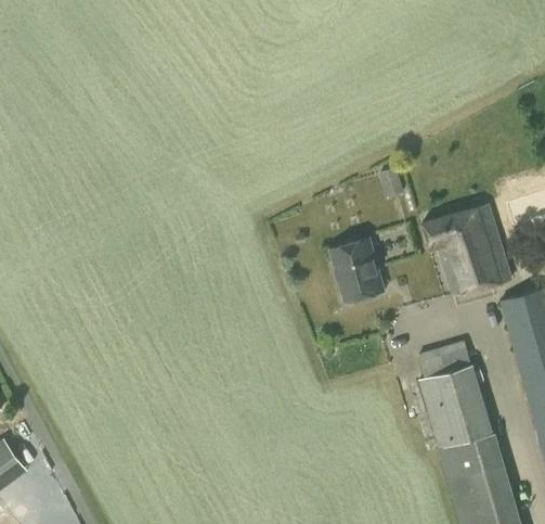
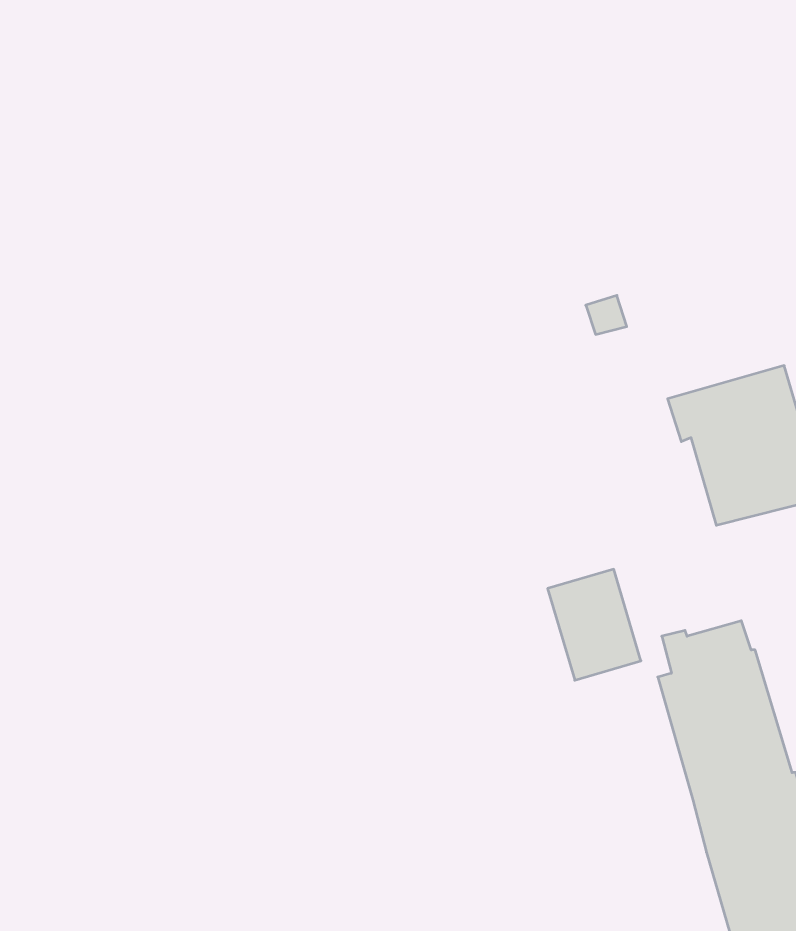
building: [334,240,386,302] -> [548,569,641,680]

